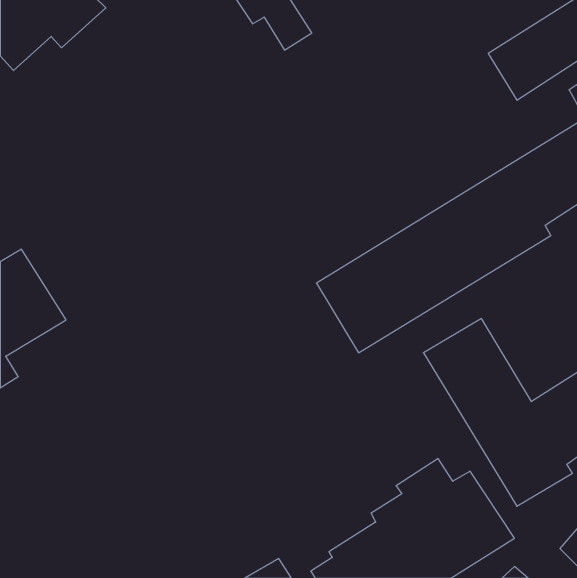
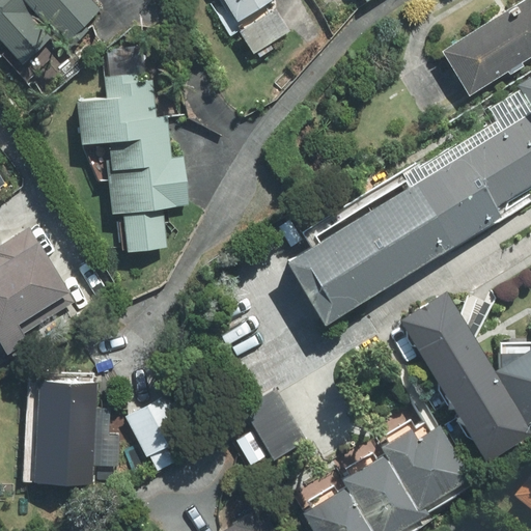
building: none -> [75,76,186,253]
building: none -> [31,370,185,485]
building: none -> [236,392,305,459]

